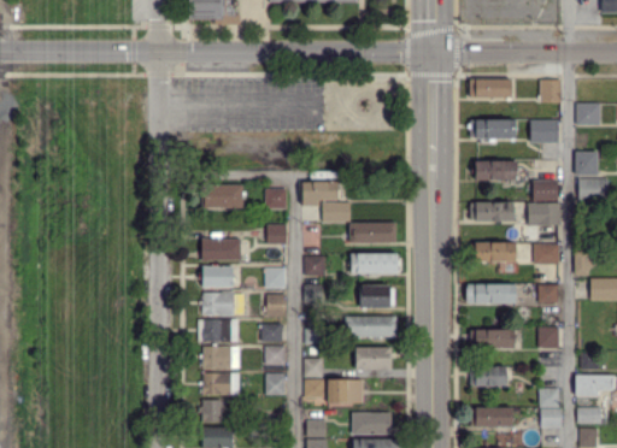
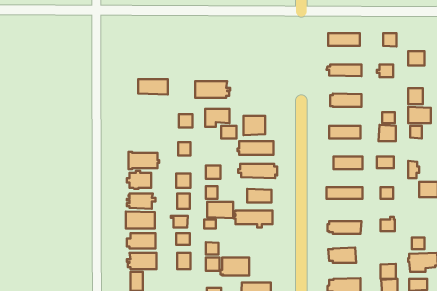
building: none -> [195,81,230,98]
building: [201,187,241,207] -> [138,79,168,95]
building: none -> [243,116,265,135]
building: [355,348,390,370] -> [207,202,233,218]

